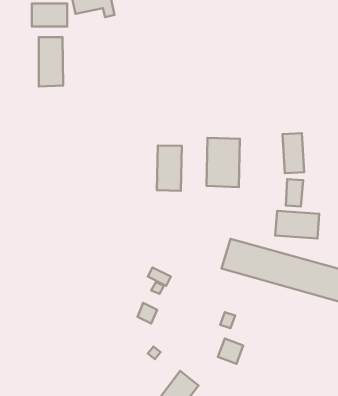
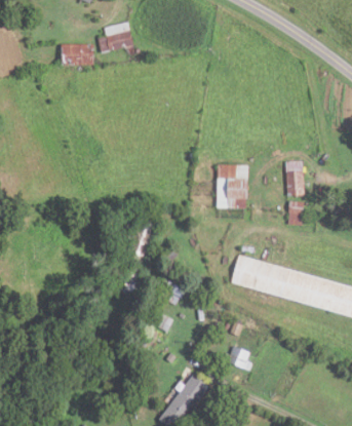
building: [39,37,63,86] -> none
building: [157,145,182,191] -> none
building: [275,211,319,238] -> none

